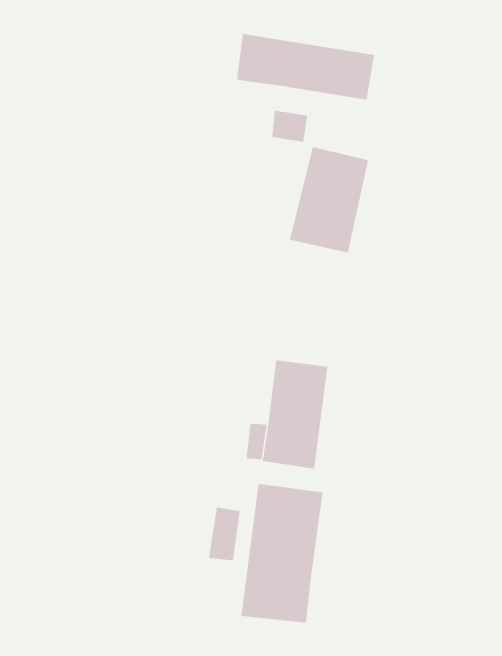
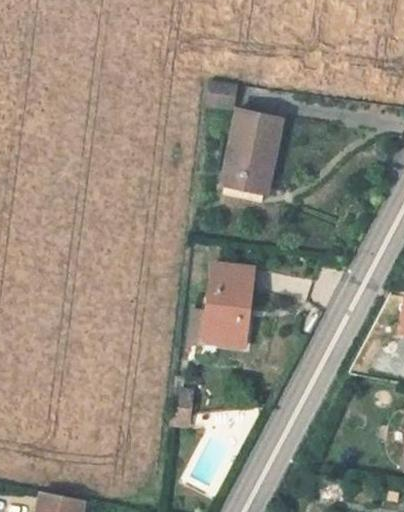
building: [237,33,375,101] -> none
building: [241,483,323,624] -> none

